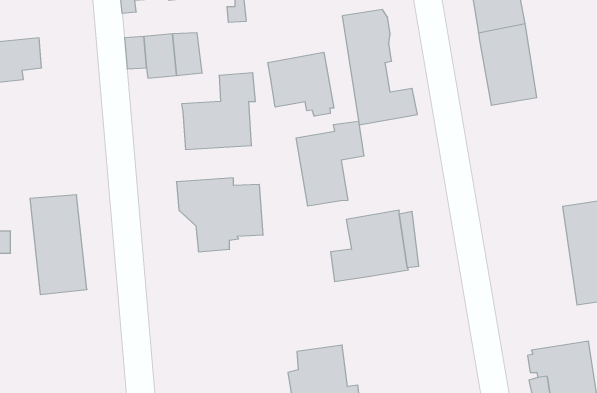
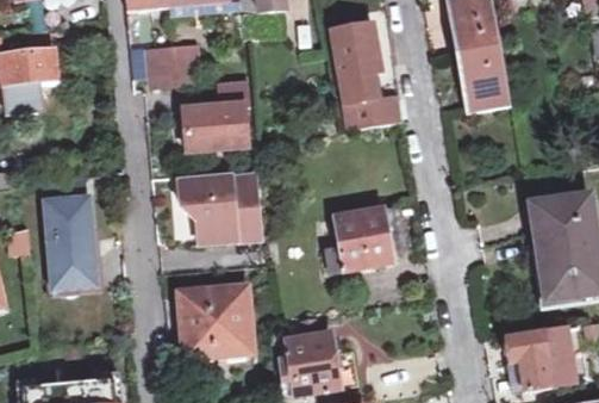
building: [268,52,334,116] -> none
building: [296,121,364,206] -> none
building: none -> [183,285,252,355]

